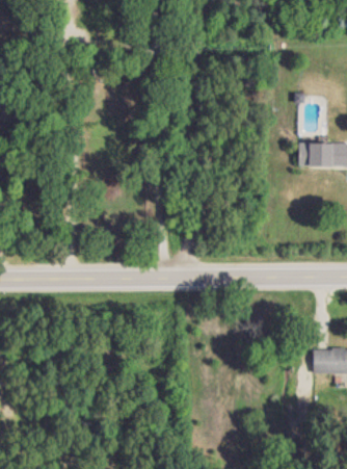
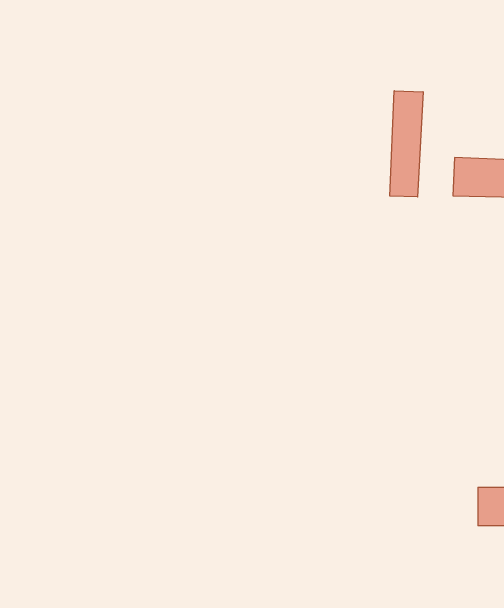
building: none -> [390,91,423,197]

